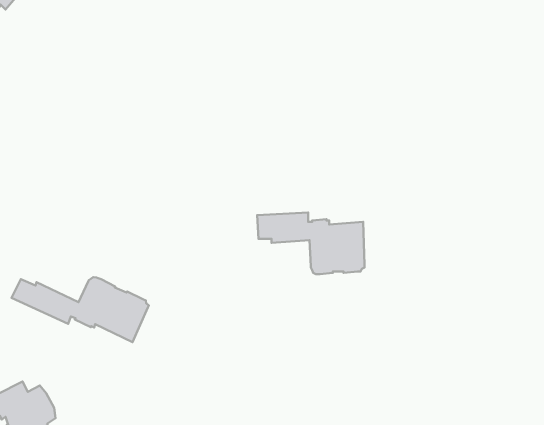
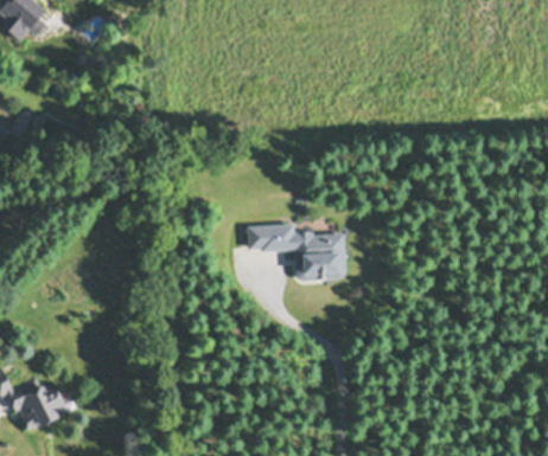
building: [12,277,149,342] -> none

